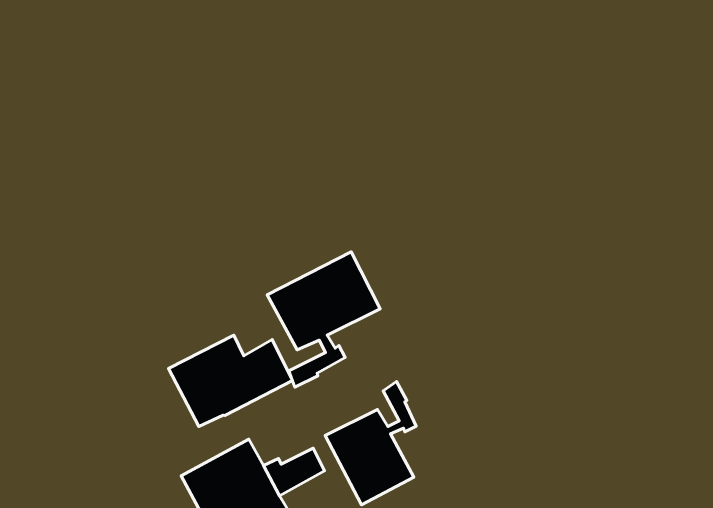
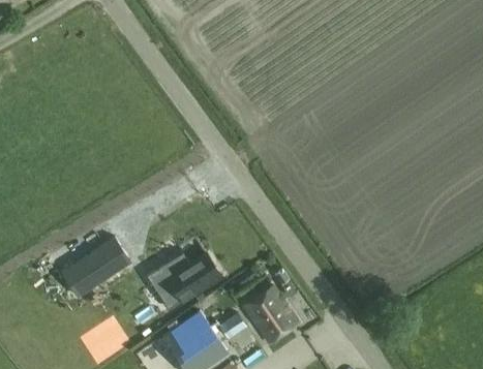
building: [267,252,380,387] -> none
building: none -> [62,237,131,297]

